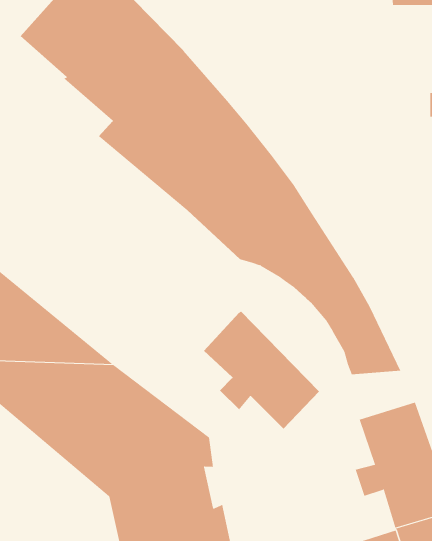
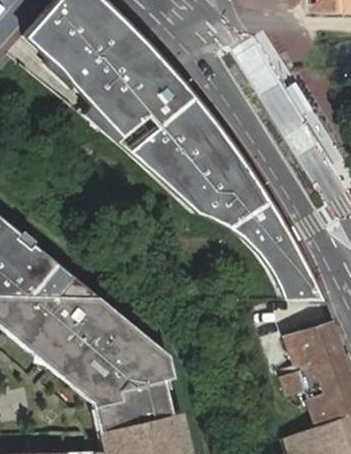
building: [203,311,320,430] -> none

